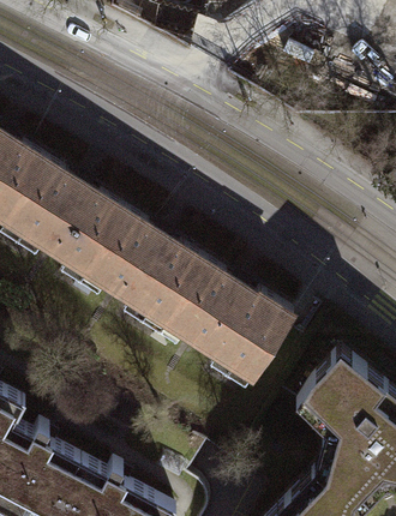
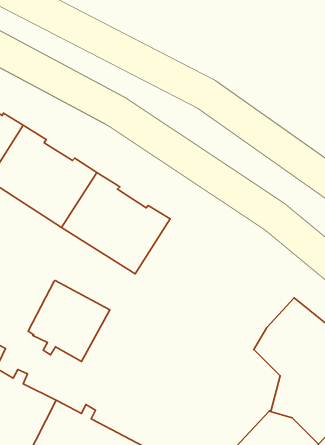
building: [164,264,292,380] -> none
building: none -> [28,281,110,361]

